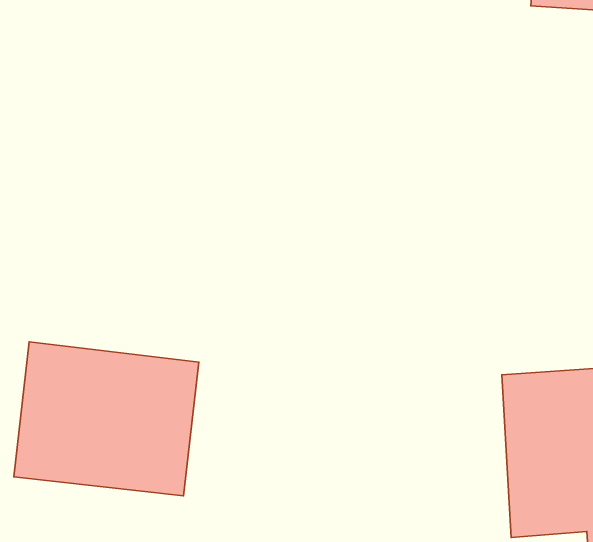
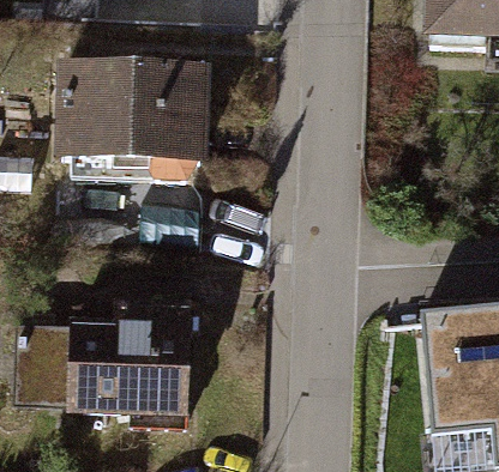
building: none -> [76,69,204,180]

